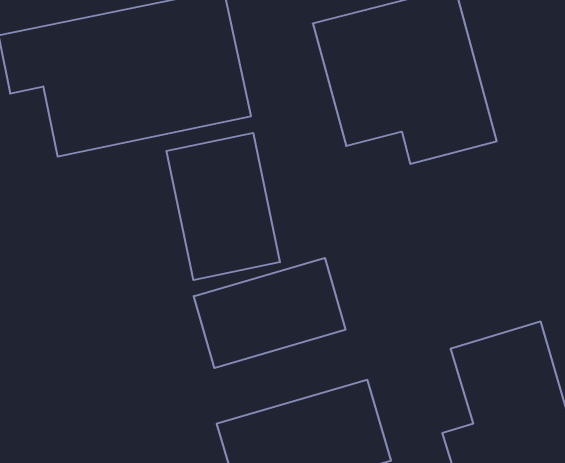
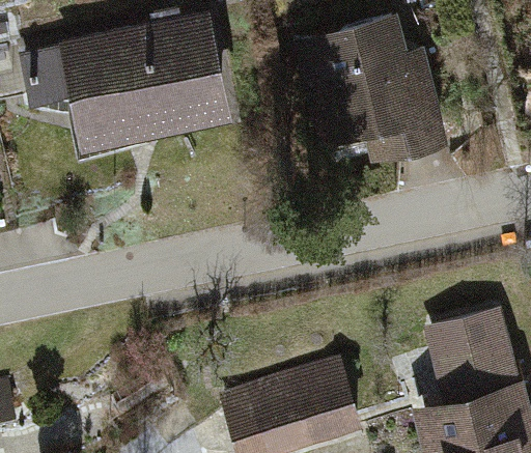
building: [166,133,280,280] -> none
building: [194,258,345,368] -> none

